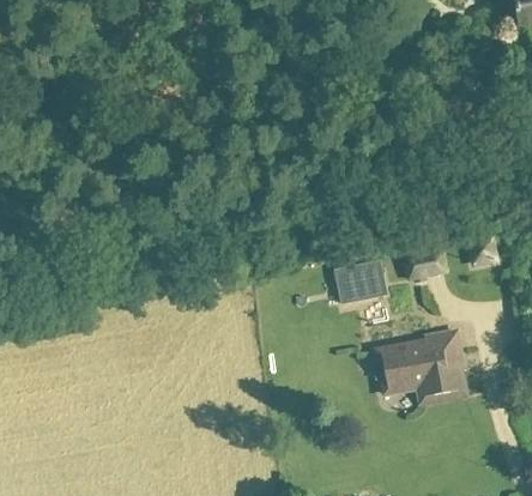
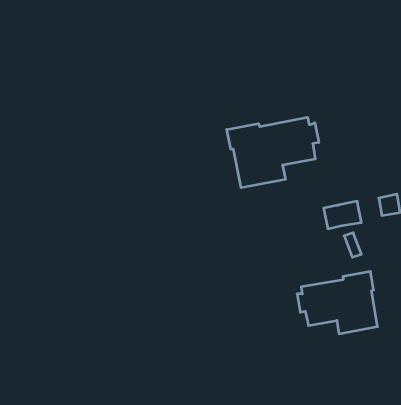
building: none -> [227,117,319,188]
building: [335,261,387,303] -> none

